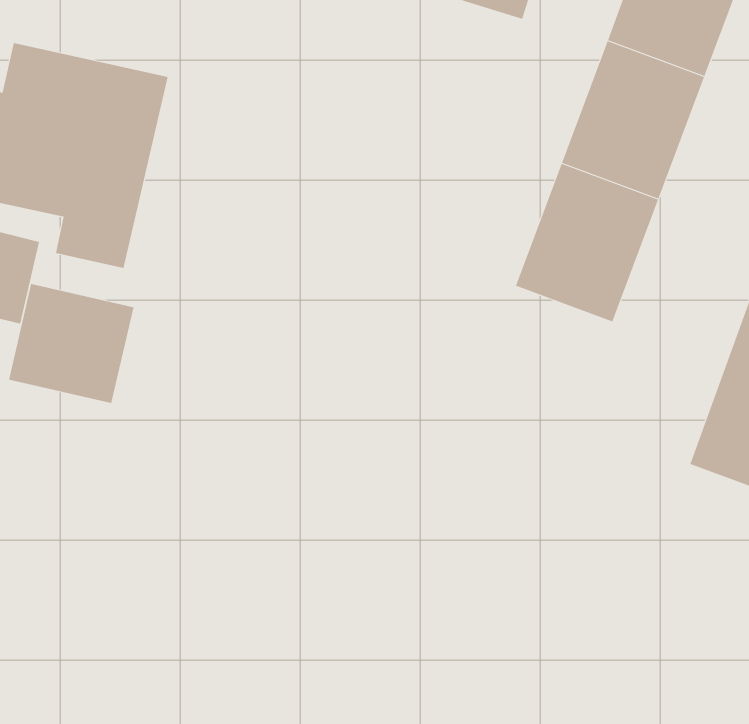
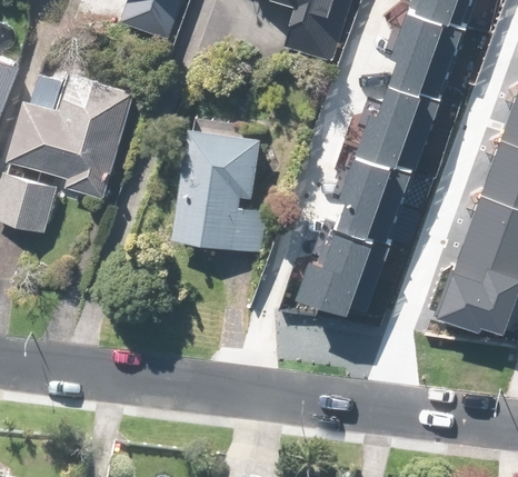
building: none -> [175,128,267,251]
building: [8,283,134,404] -> none
building: none -> [306,211,389,304]

